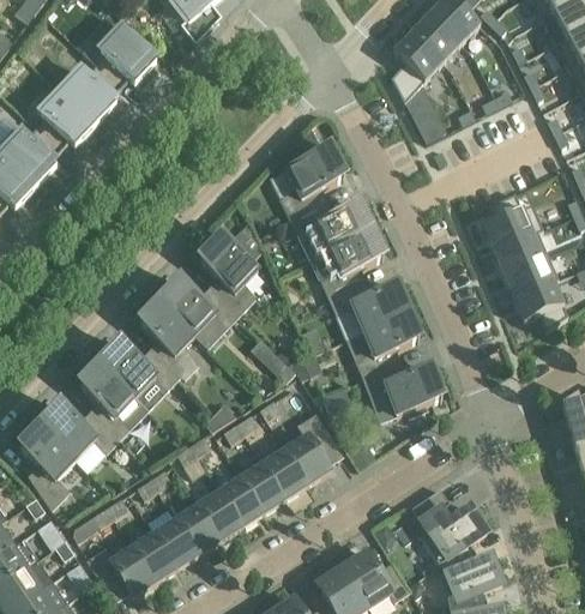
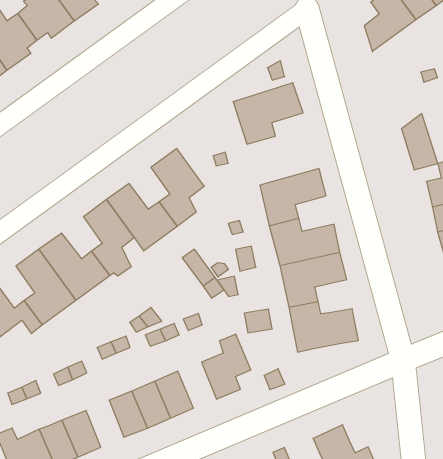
building: [404,82,447,140] -> [401,114,438,170]
building: [292,201,370,257] -> none
building: [263,447,307,495] -> none
building: [176,502,219,552] -> none

